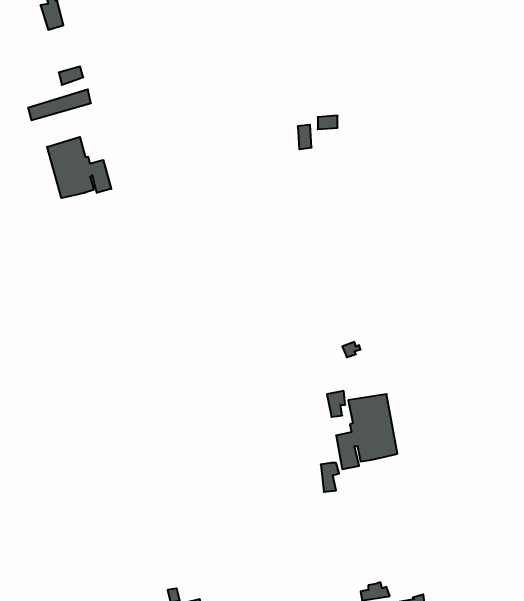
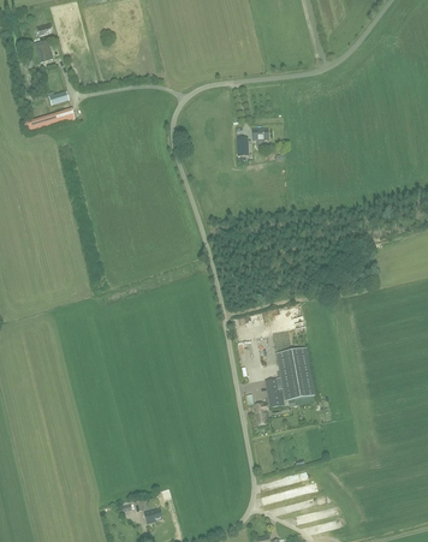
building: [47,137,111,198] -> none

